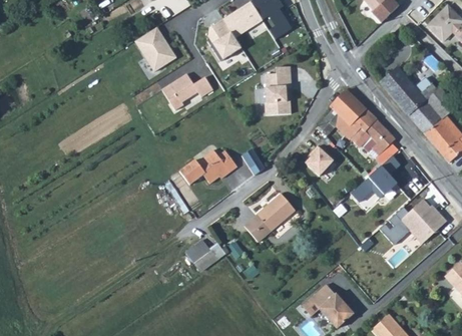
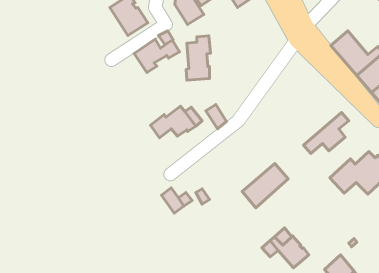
building: [264,66,291,115] -> [186,36,211,80]
building: [316,89,396,159] -> none
building: [302,148,331,177] -> none
building: [244,194,295,243] -> [242,163,288,208]

